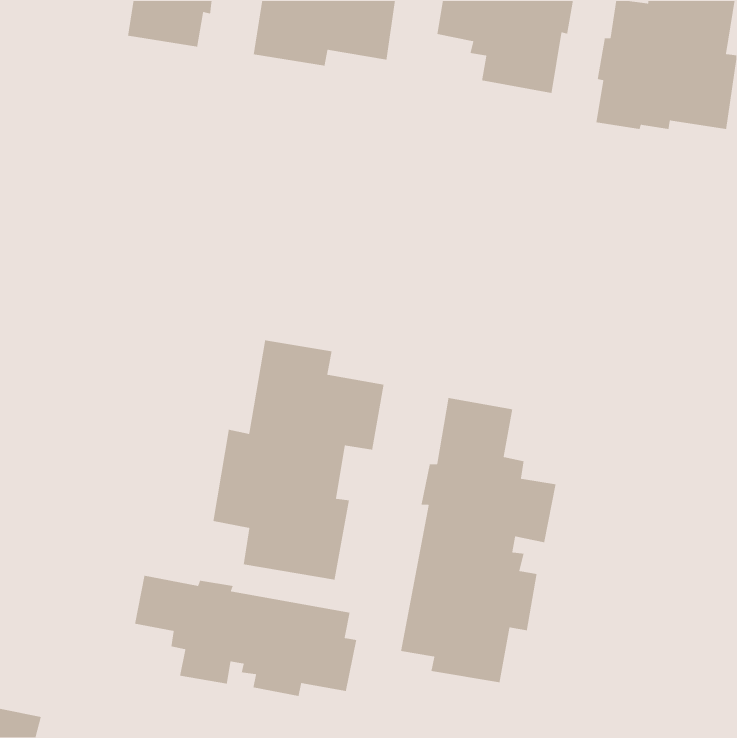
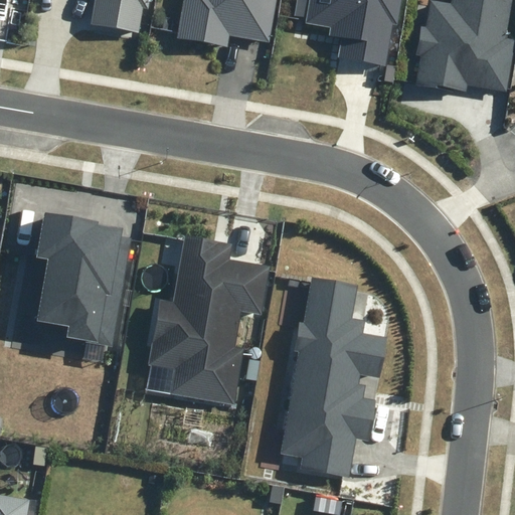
building: none -> [35,211,130,346]
building: [134,575,357,697] -> none

